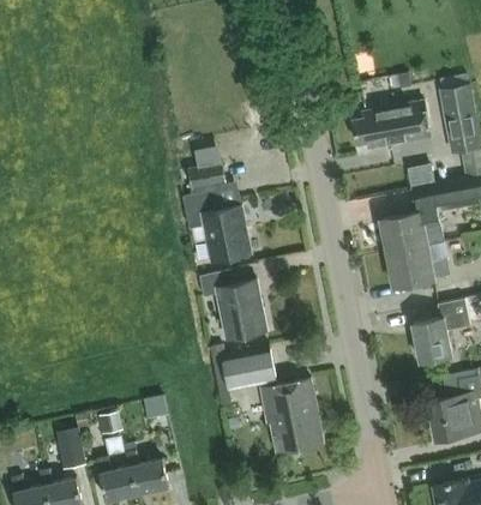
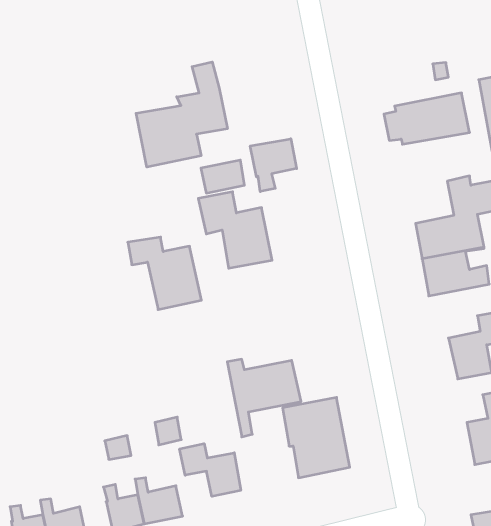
building: none -> [136,62,227,167]
building: none -> [250,139,297,192]
building: [199,272,266,338] -> [128,237,201,310]
building: [55,413,89,471] -> none
building: none -> [180,444,241,496]

